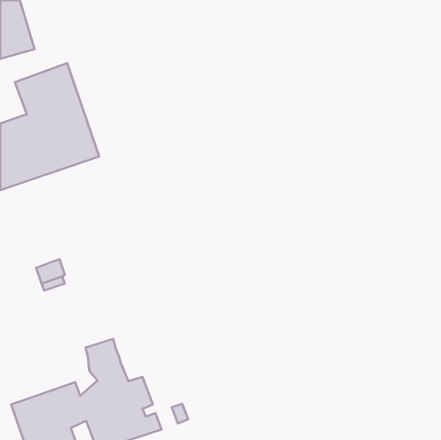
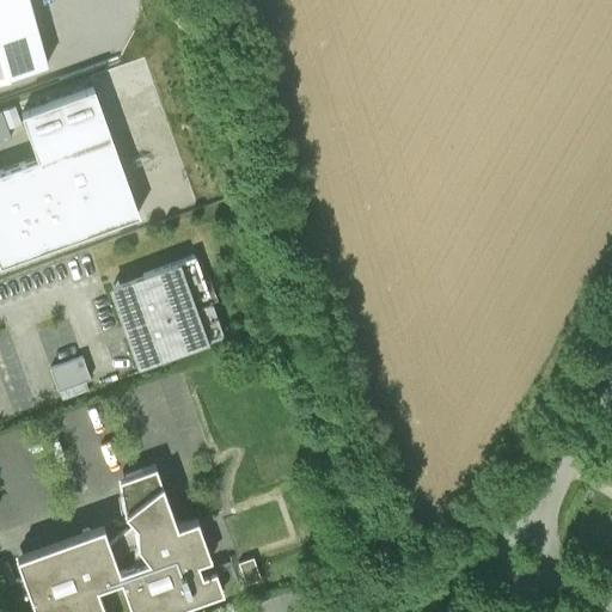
building: none -> [111,258,224,369]

